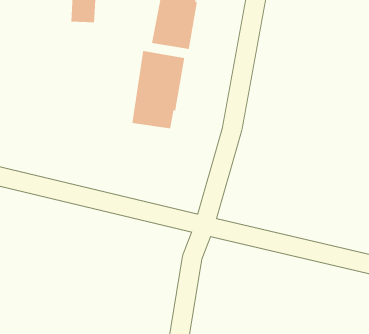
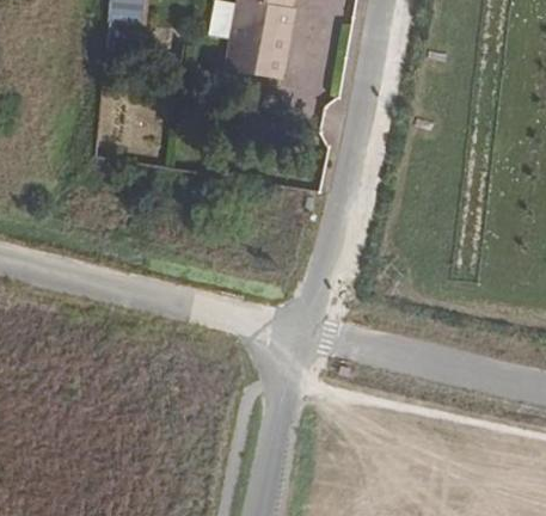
building: [132,50,185,129] -> none

